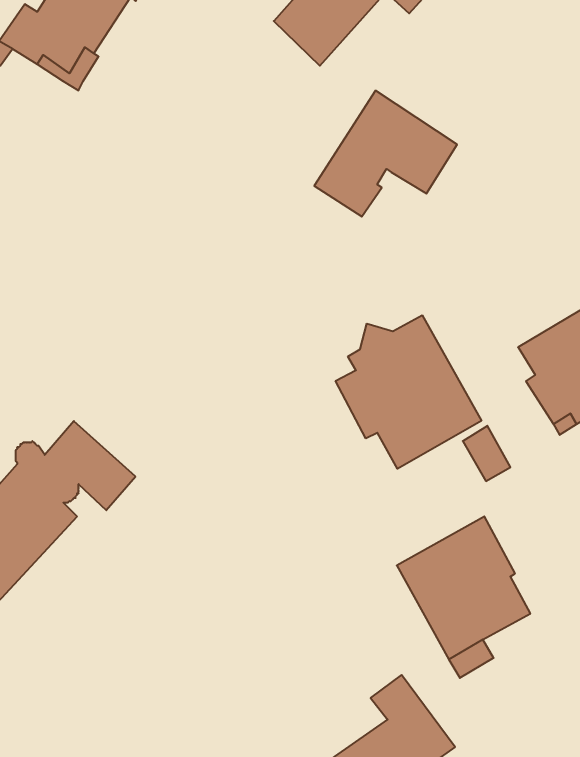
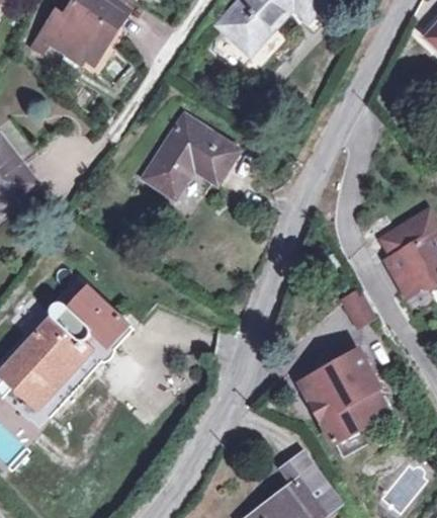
building: [314,91,457,217] -> [142,115,236,198]
building: [336,315,481,469] -> none

